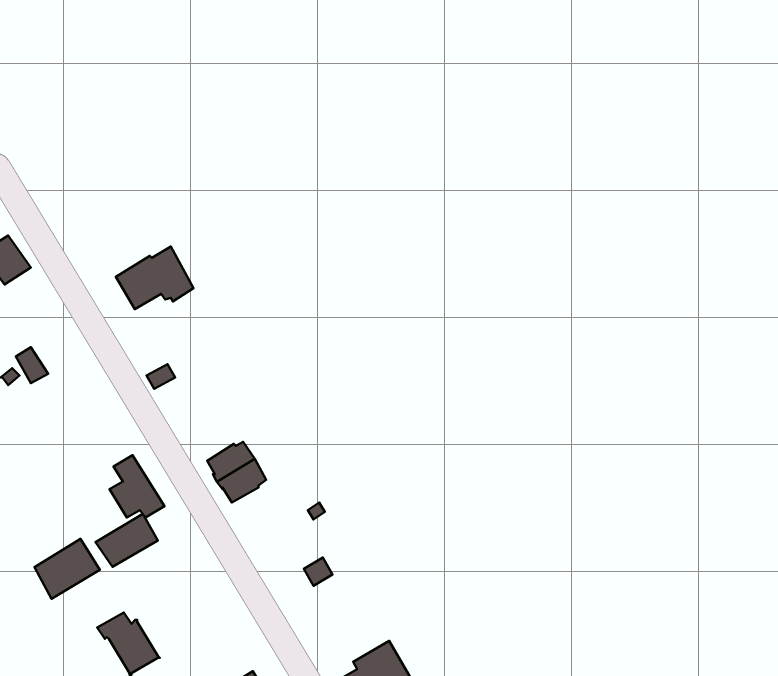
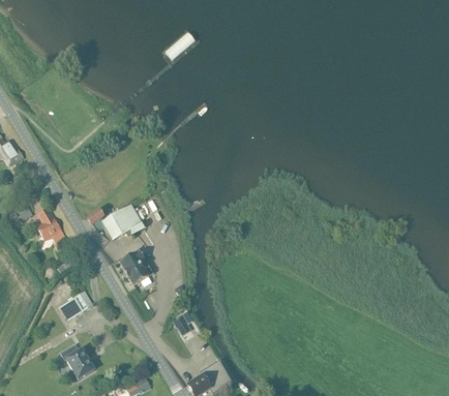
building: [116,247,194,309] -> [101,205,144,239]
building: [110,455,165,518] -> [35,207,65,241]
building: [35,539,100,599] -> none

